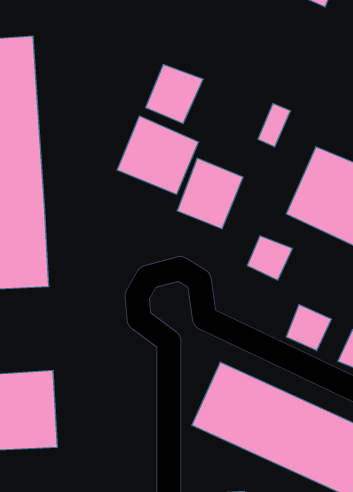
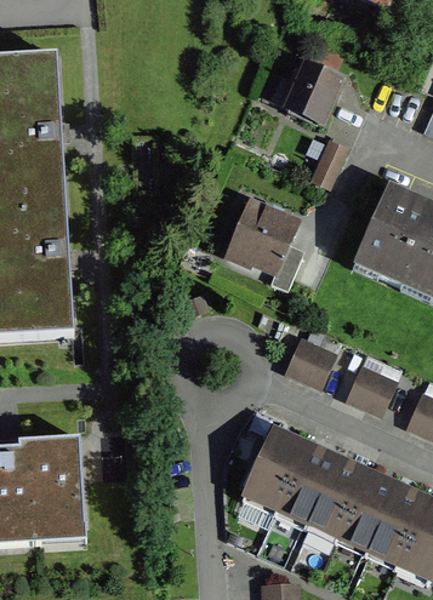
building: [145,65,203,123] -> [275,61,342,128]
building: [117,116,199,194] -> none
building: [247,236,292,280] -> [287,337,340,388]

